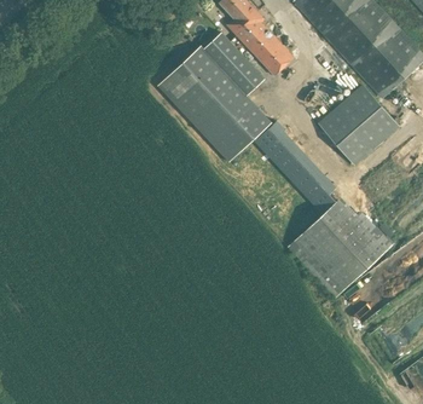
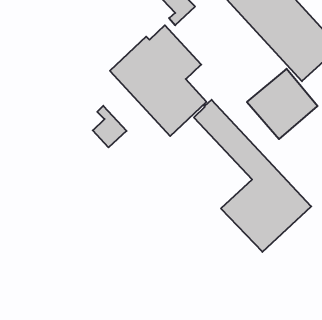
building: [233,11,292,75] -> none
building: none -> [93,106,127,147]

